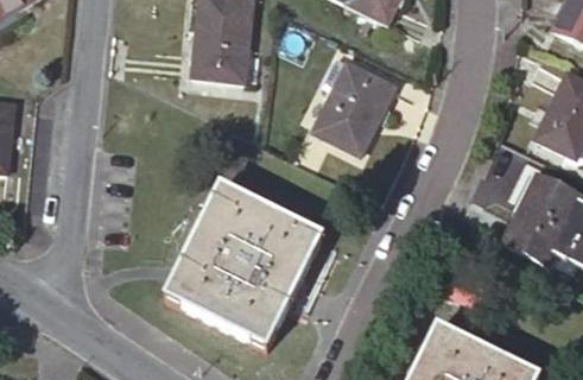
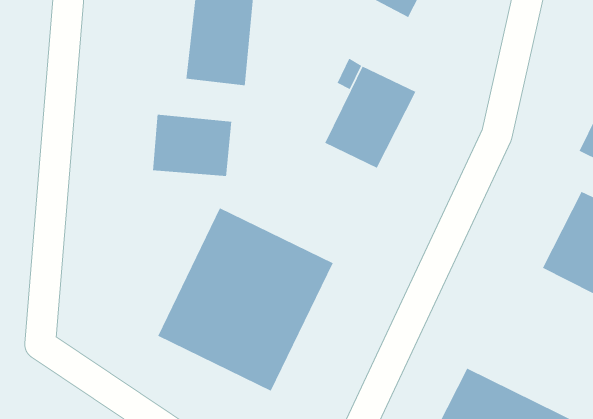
building: none -> [152,114,232,177]

